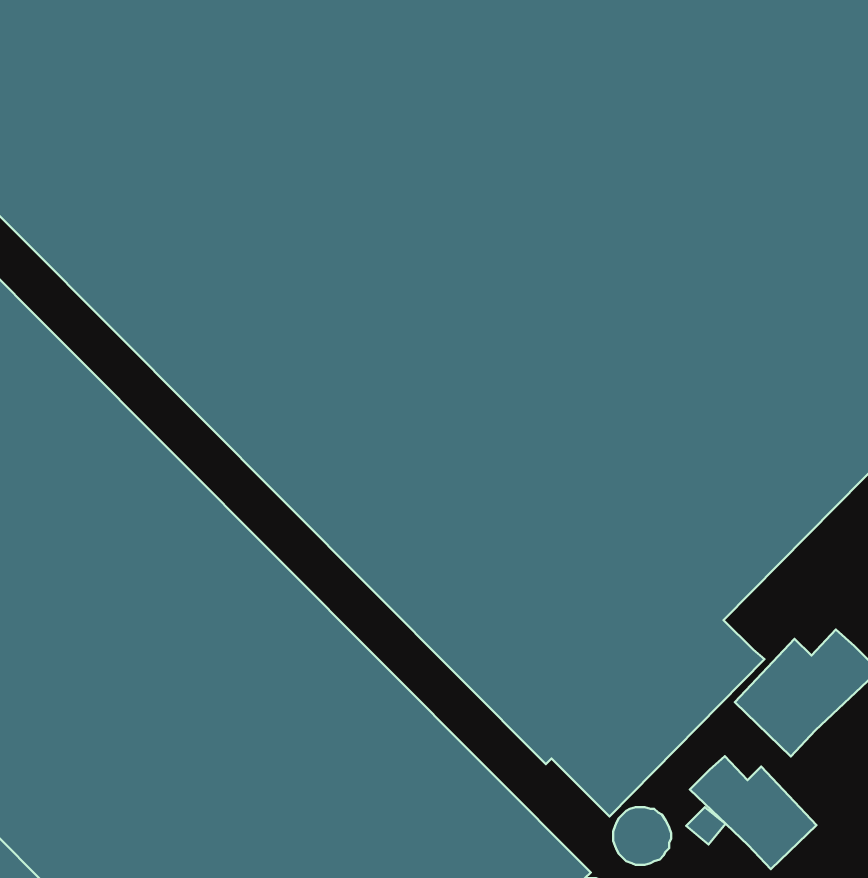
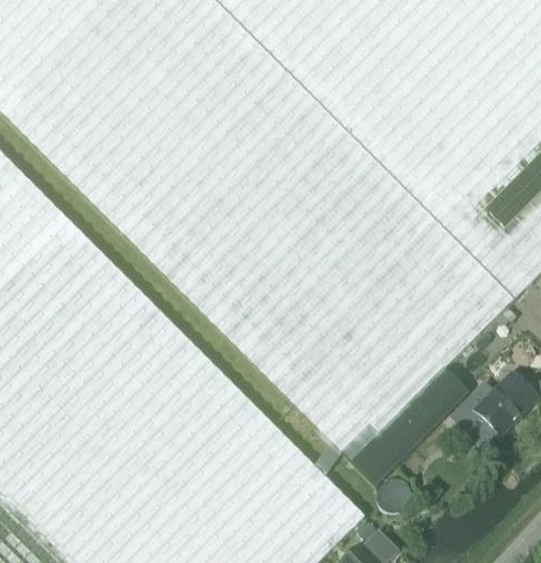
building: [690,756,817,869] -> none

